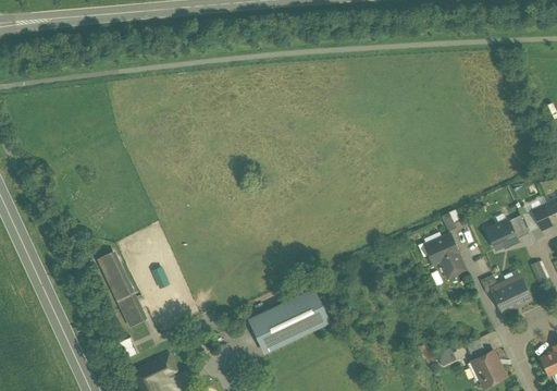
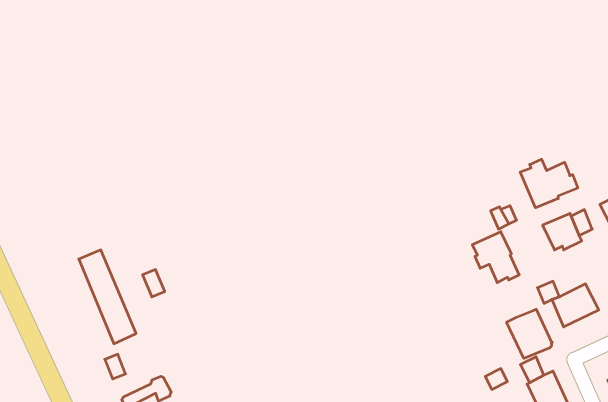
building: none -> [520,159,578,208]
building: [251,291,327,351] -> none
building: none -> [507,309,552,358]

